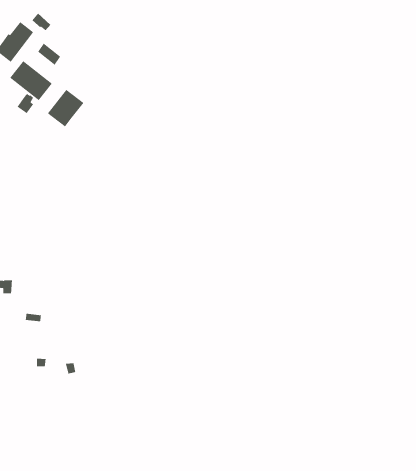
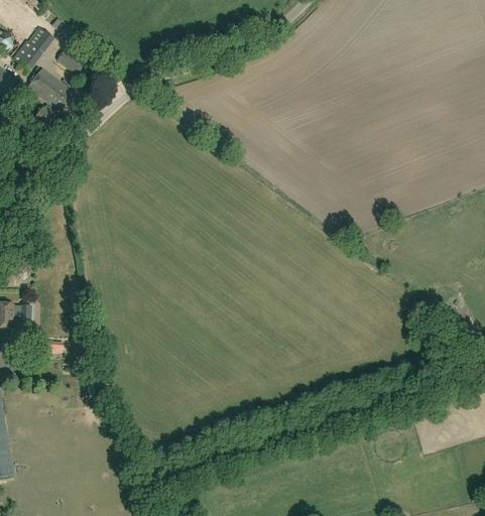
building: [47,89,84,128] -> none

